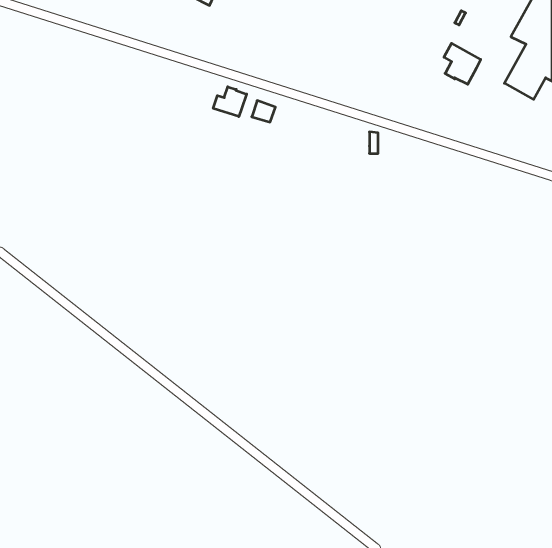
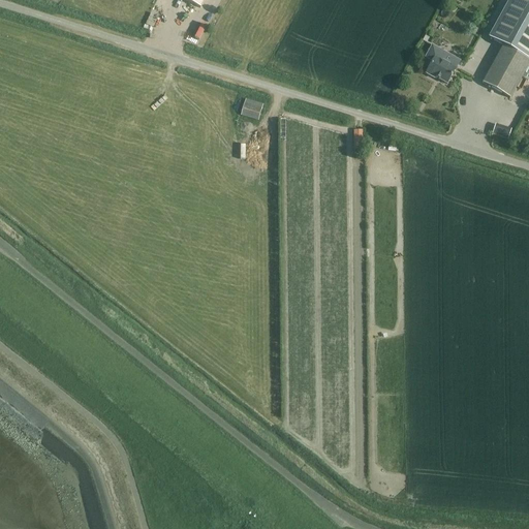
building: [213,87,247,117] -> none

